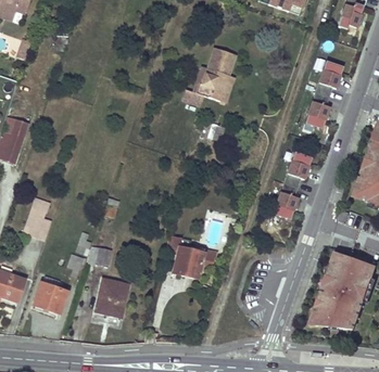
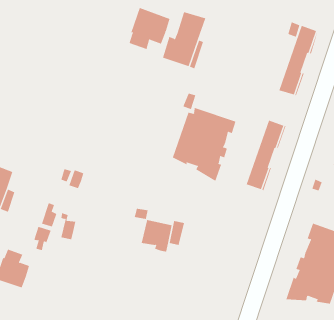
building: none -> [129,7,170,50]
building: none -> [172,107,236,182]
building: [96,278,127,316] -> none

